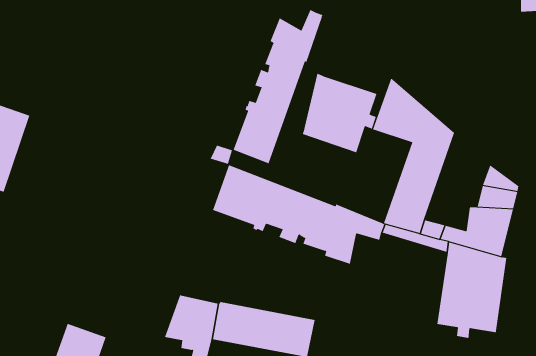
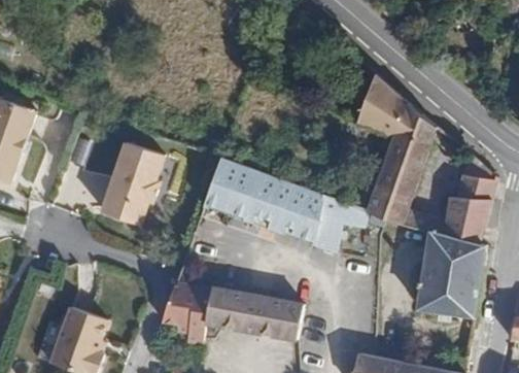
building: [233,9,323,164] -> none
building: [302,73,377,153] -> none
building: none -> [100,141,163,225]

